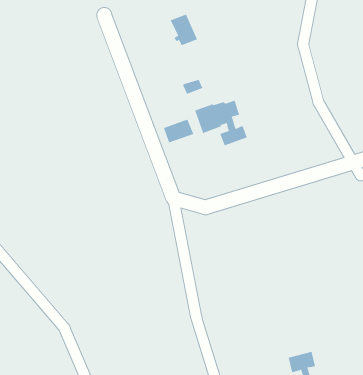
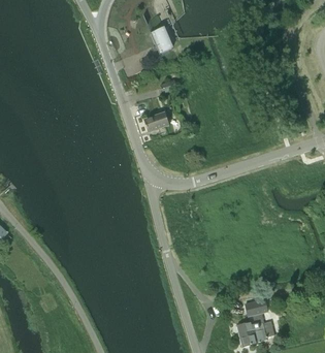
building: [194,100,248,146] -> none

